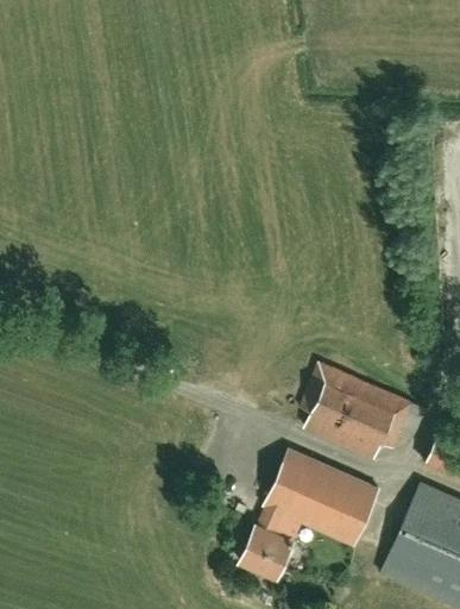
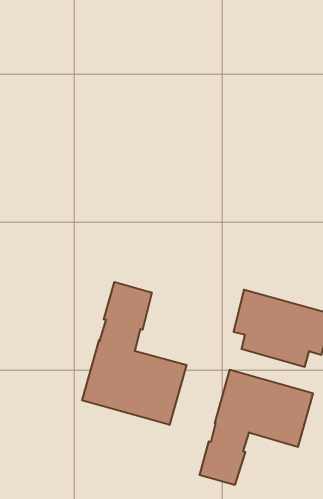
building: none -> [82,282,186,425]

